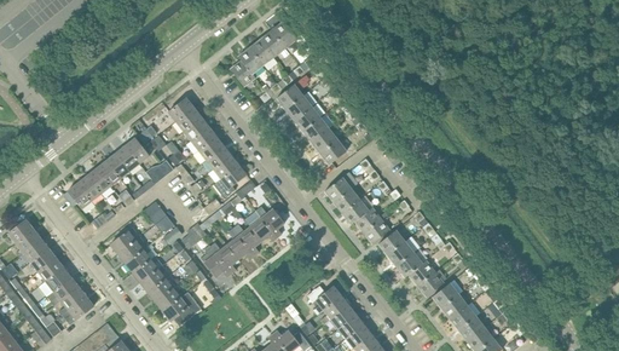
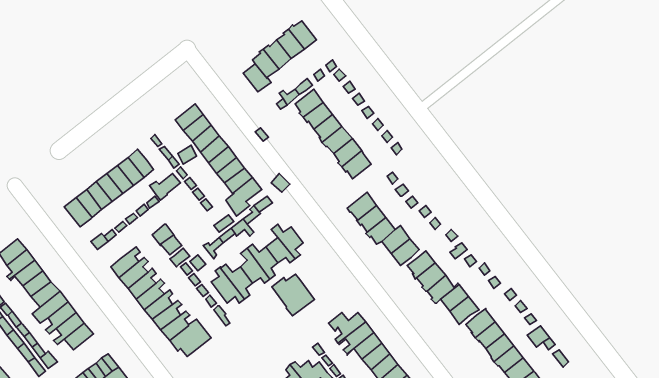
building: none -> [272,274,315,316]

